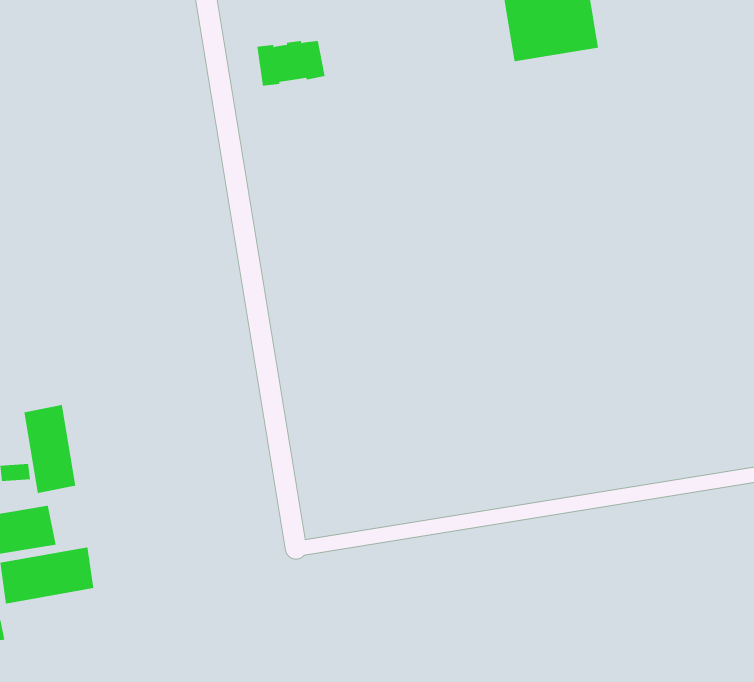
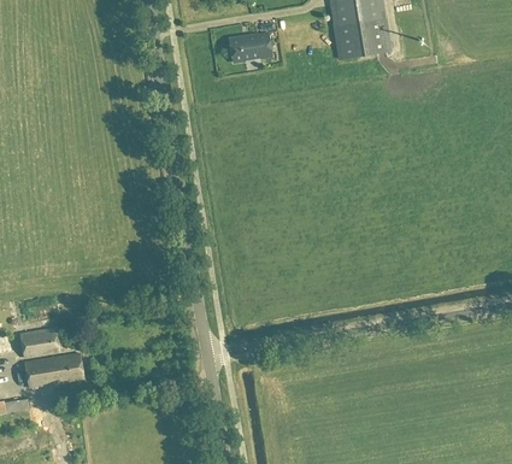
building: [256,37,326,86] -> [230,31,272,61]
building: [24,404,76,494] -> none

